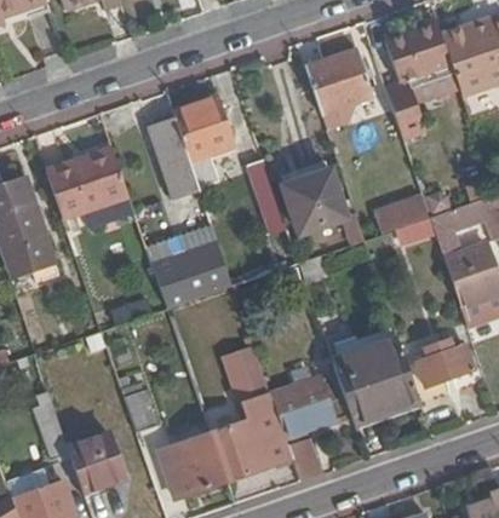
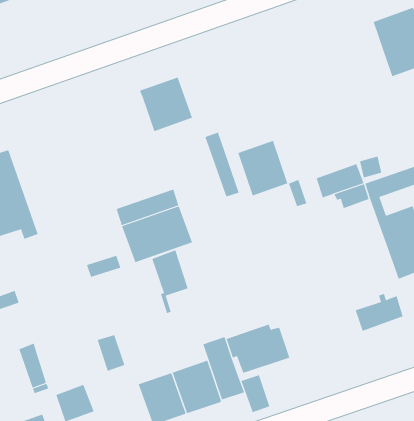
building: [384,22,459,138] -> none
building: [305,50,373,113] -> none
building: [149,120,199,197] -> none
building: [46,146,126,215] -> none
building: [333,339,419,421] -> none
building: [228,349,270,422] -> [152,249,189,314]

